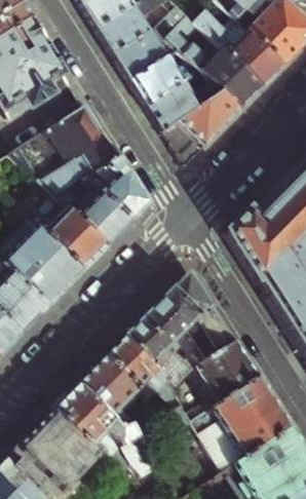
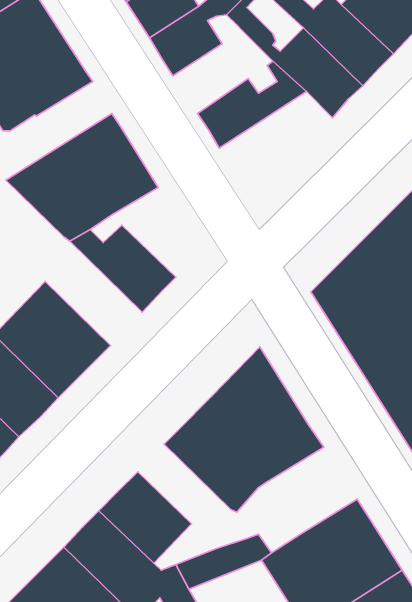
building: [130,49,201,103] -> none
building: [163,87,243,164] -> none
building: [87,155,150,219] -> none
building: [14,190,109,267] -> none
building: [106,337,171,393] -> none
building: [197,339,261,400] -> none

